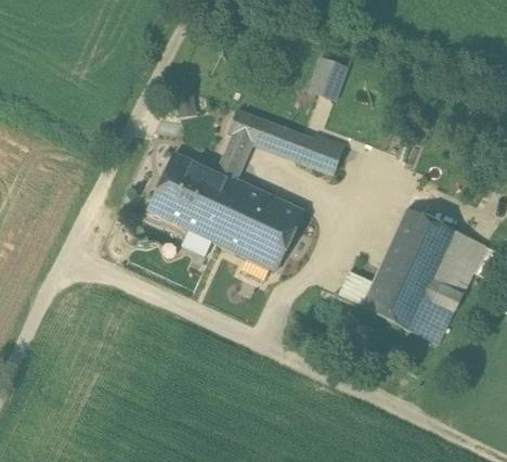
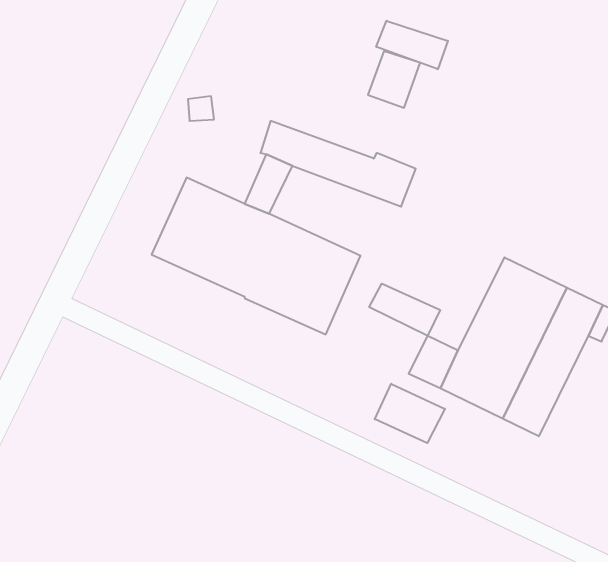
building: none -> [376,21,448,69]
building: none -> [369,284,440,336]
building: none -> [375,384,445,443]

